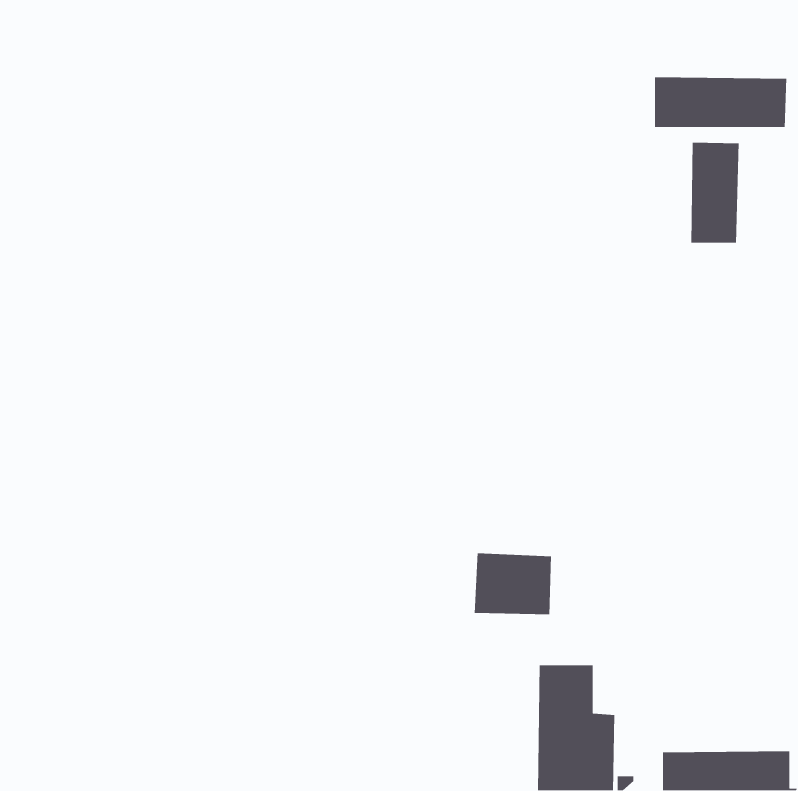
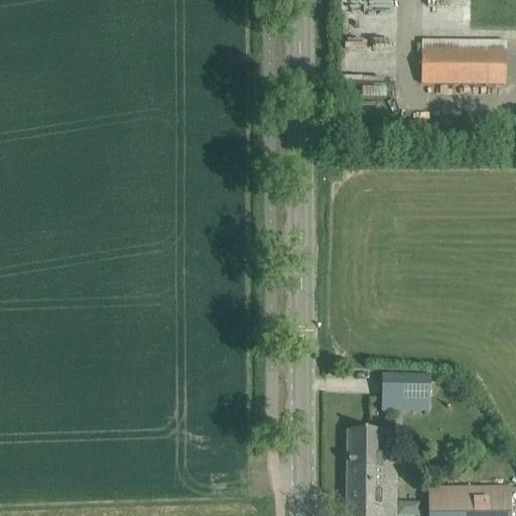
building: [690,142,739,244] -> none
building: [474,553,552,615] -> [379,370,429,410]

